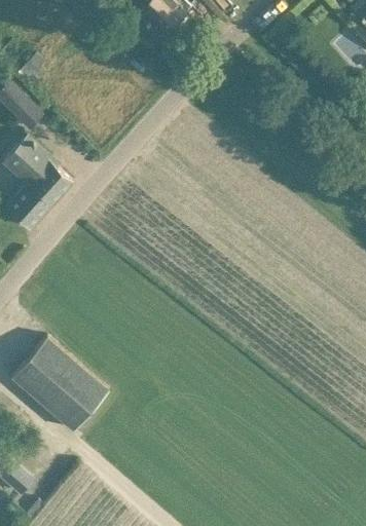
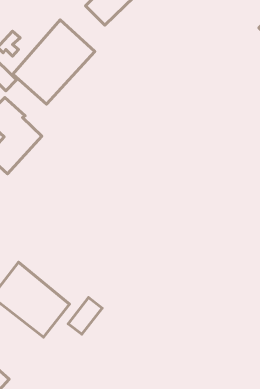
building: none -> [13,20,95,104]
building: none -> [68,298,102,334]

